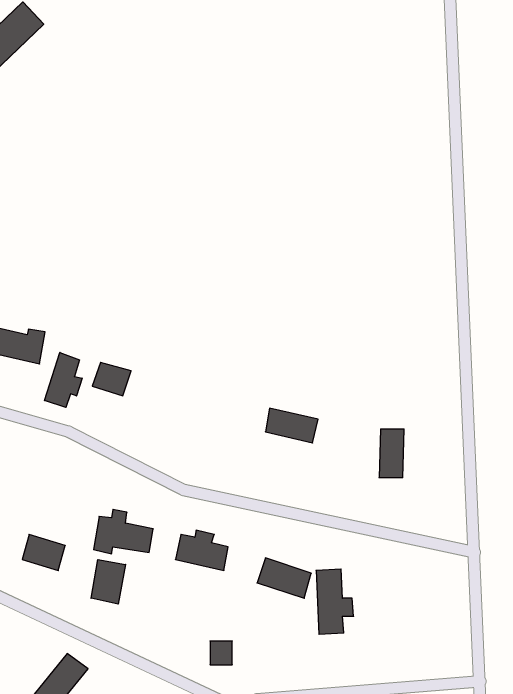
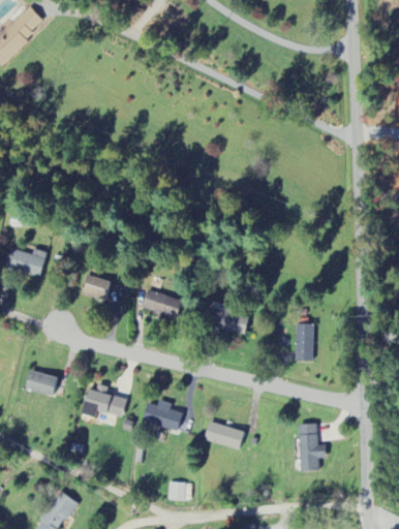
building: [45,352,82,407] -> none
building: none -> [142,289,182,318]
building: [22,534,65,571] -> [24,369,56,396]
building: [91,560,126,604] -> none
building: [316,569,354,634] -> [298,423,326,471]

